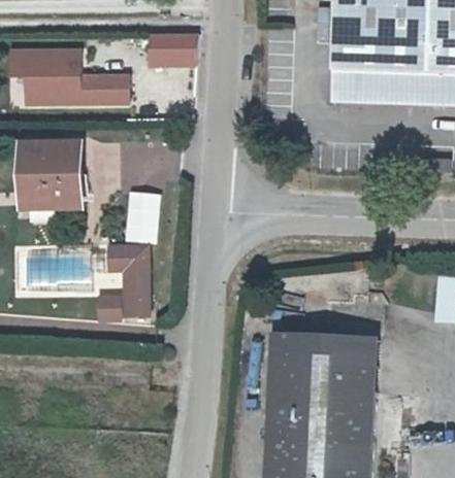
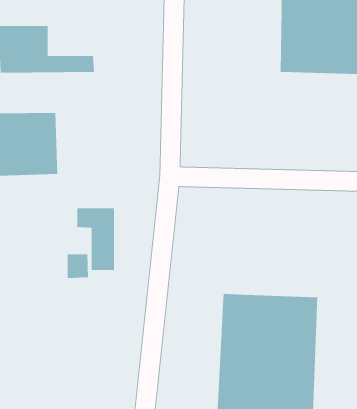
building: [152,34,199,66] -> none
building: [127,192,160,242] -> none

